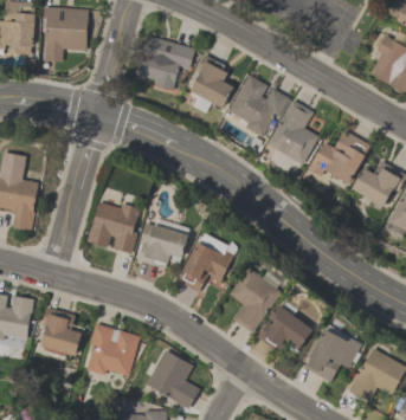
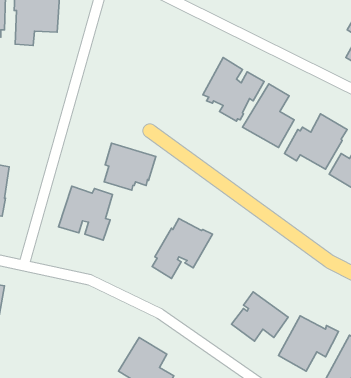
building: [135,34,195,89] -> none
building: [191,53,234,108] -> none
building: [137,221,188,267] -> [104,143,156,190]
building: [228,266,282,331] -> none
building: [40,306,82,355] -> none
building: [85,322,138,375] -> none

